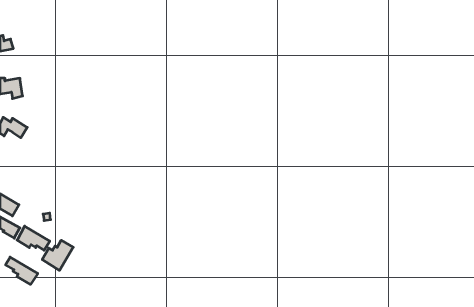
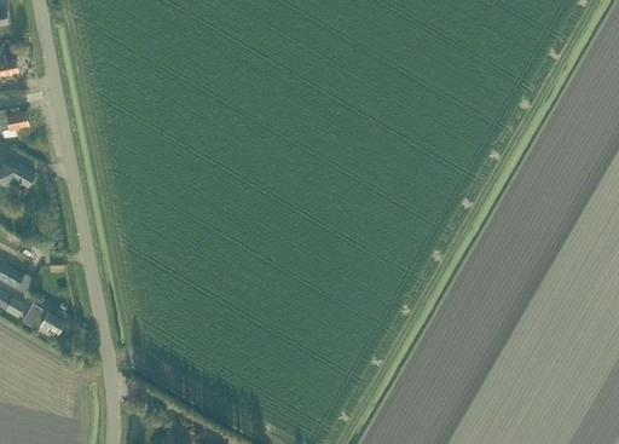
building: [42,240,73,270] -> none
building: [6,257,38,284] -> none

